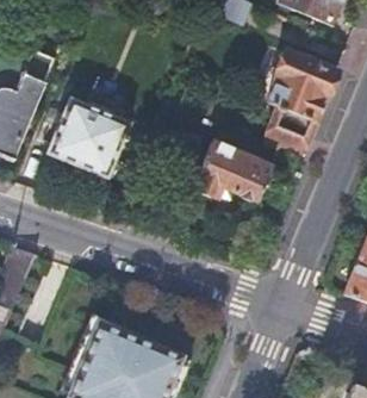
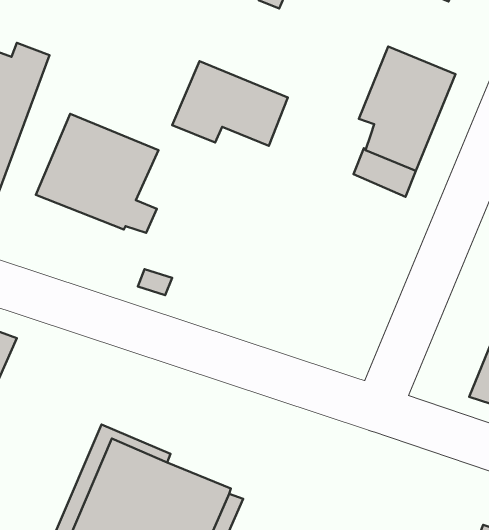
building: [193,143,273,201] -> [172,61,288,146]

